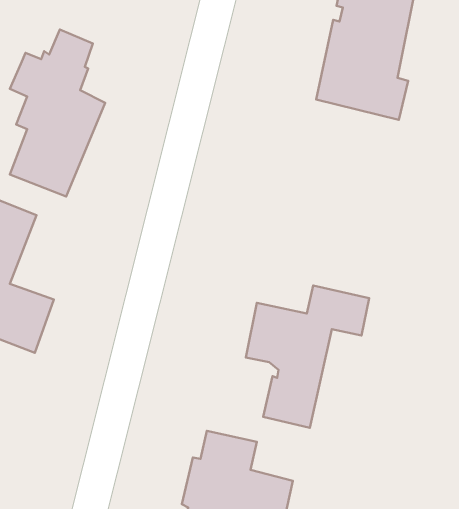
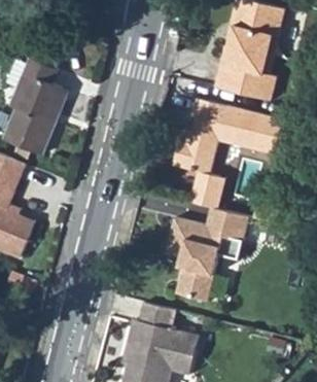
building: none -> [169,100,278,211]

